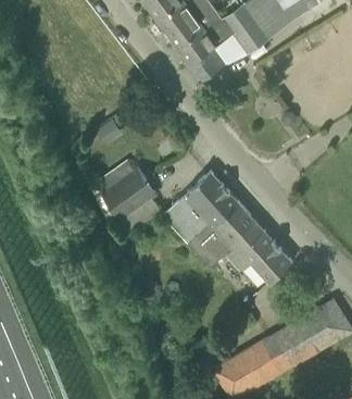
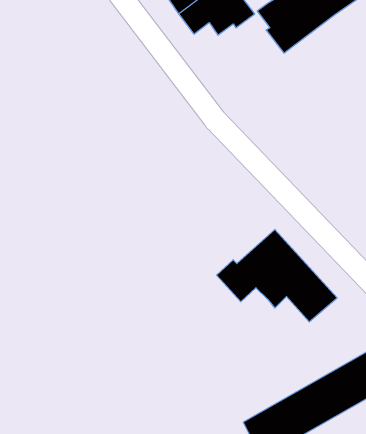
building: [171,16,236,82] -> none
building: [95,161,156,219] -> none
building: [164,171,240,242] -> none

